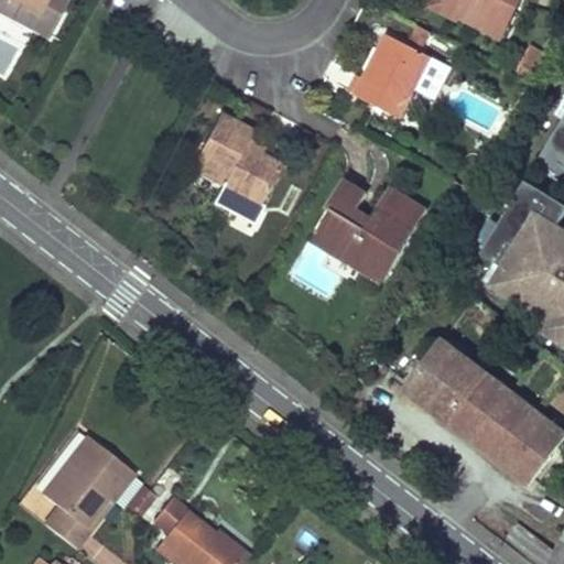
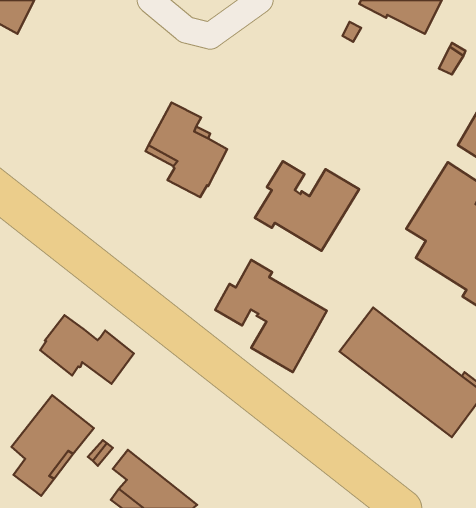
building: [356,33,448,118] -> none
building: none -> [215,260,327,372]
building: none -> [40,315,134,384]

